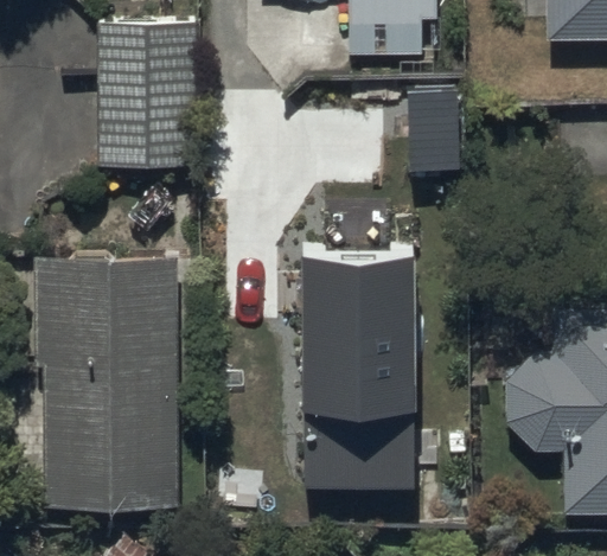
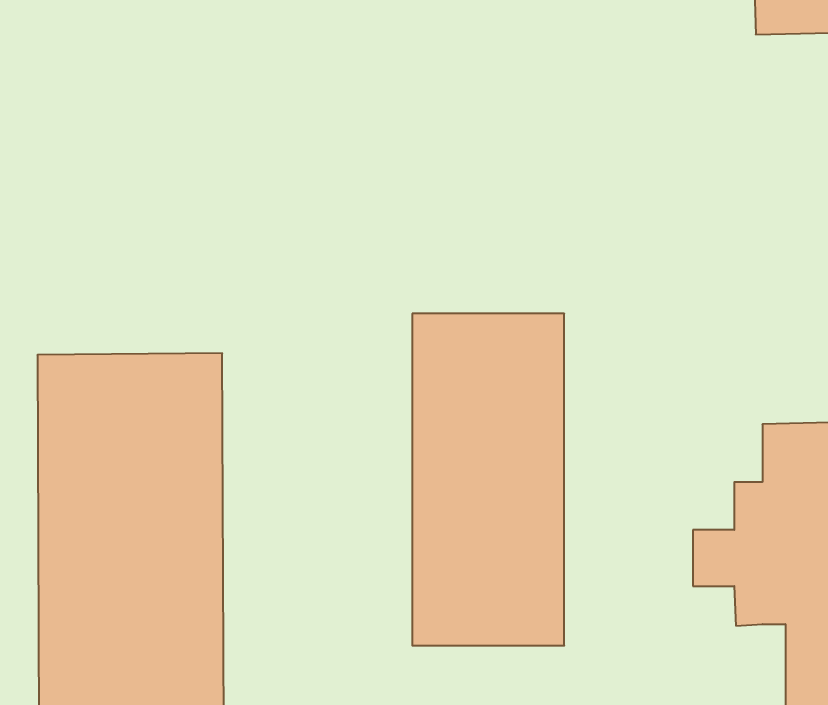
building: [96,28,191,170] -> none

